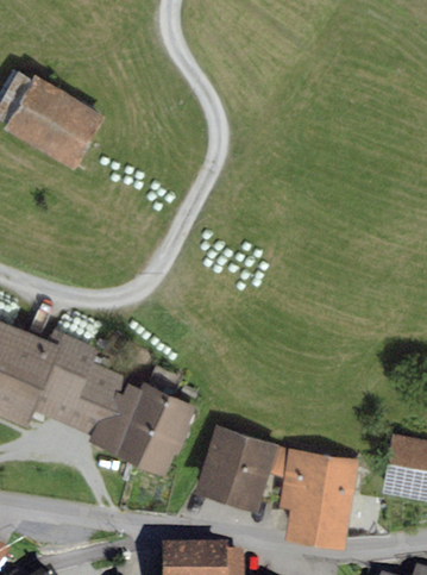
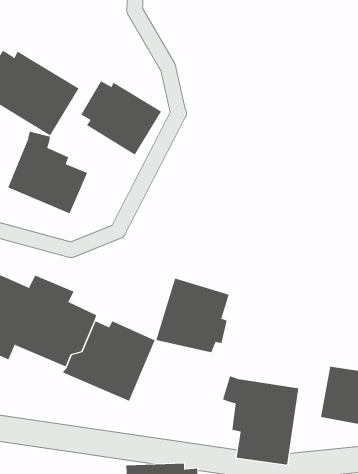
building: none -> [81,80,162,156]
building: none -> [7,131,88,214]
building: [193,425,277,511] -> [156,278,230,353]

